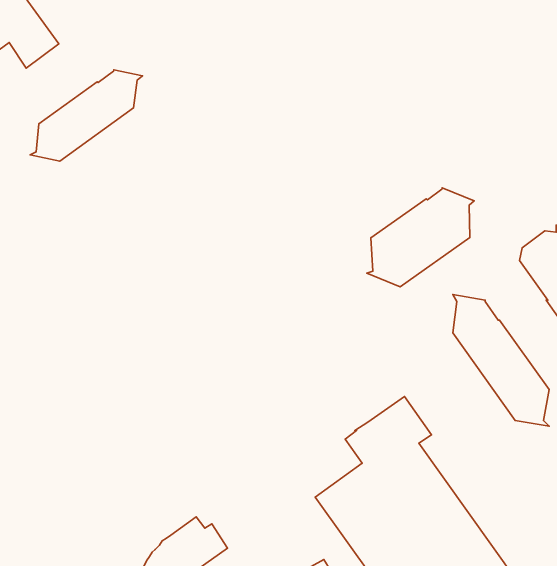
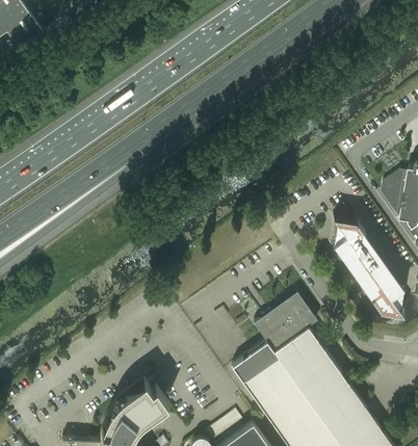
building: [30,70,142,161] -> none
building: [367,188,474,287] -> none

